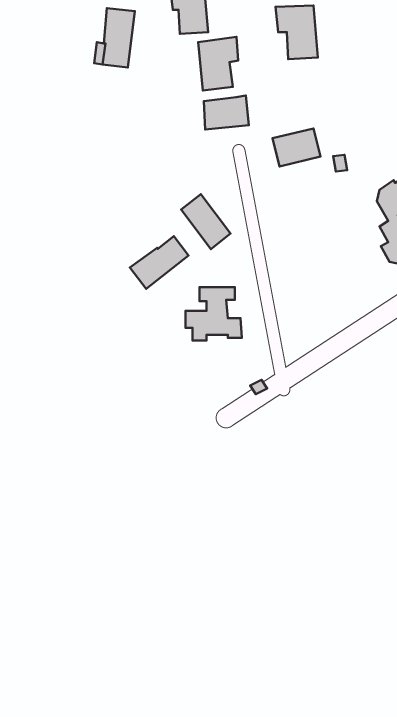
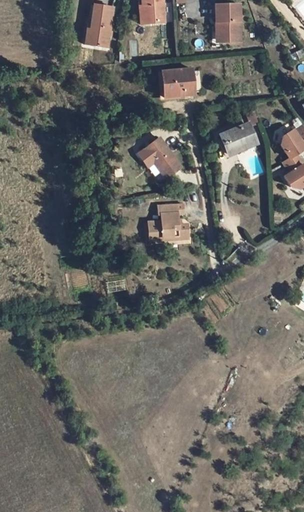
building: [198,37,238,91] -> none
building: [273,128,320,166] -> [221,121,255,148]
building: [130,236,189,289] -> none

